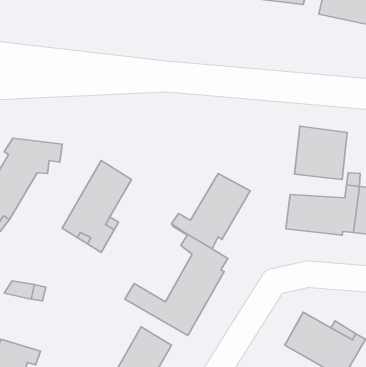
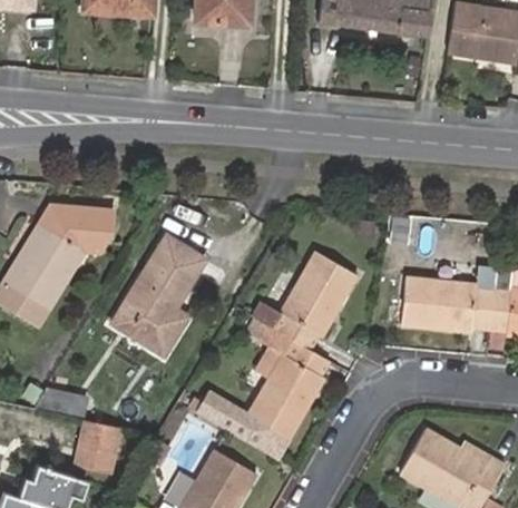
building: [295,126,347,179] -> none
building: none -> [74,420,118,472]

